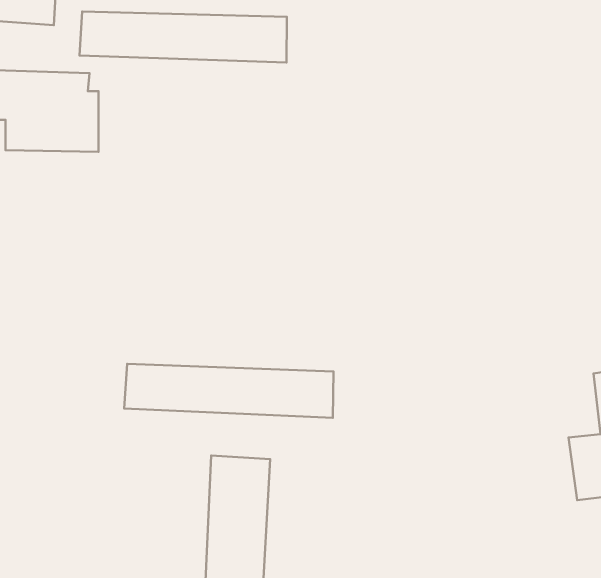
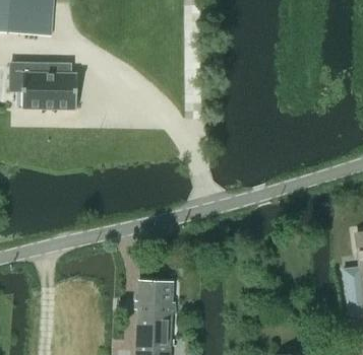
building: [80,11,287,63] -> none
building: [124,364,333,418] -> none

